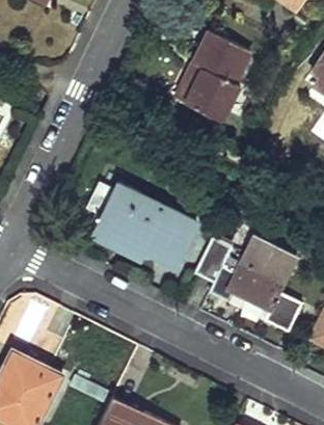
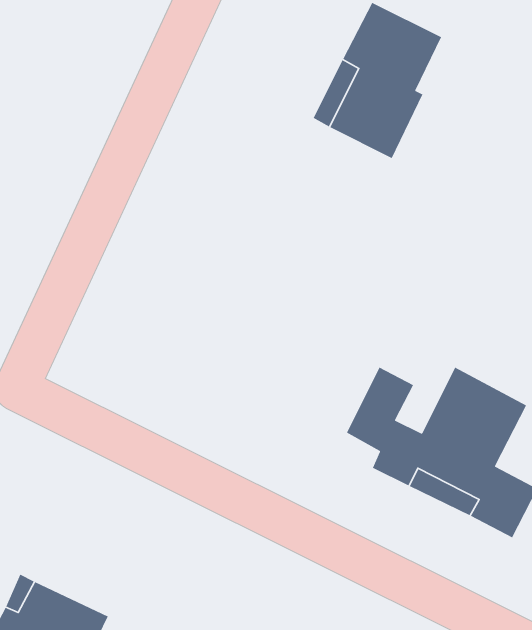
building: [86,184,196,262] -> none

